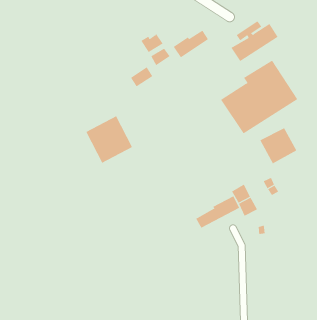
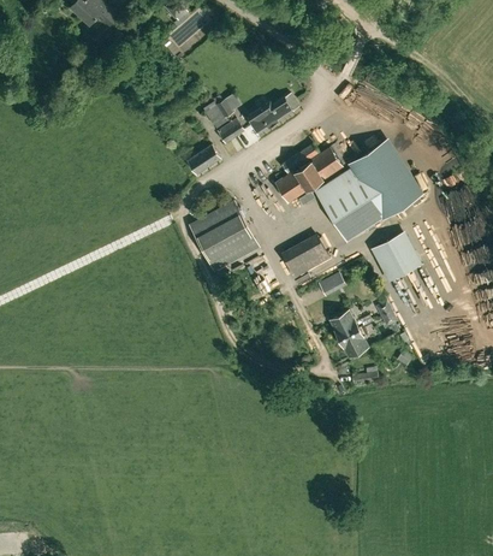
building: [231,21,279,62] -> [274,144,341,202]
building: [86,115,133,163] -> [190,202,256,270]
building: none -> [280,235,329,278]
building: [195,195,240,229] -> none

